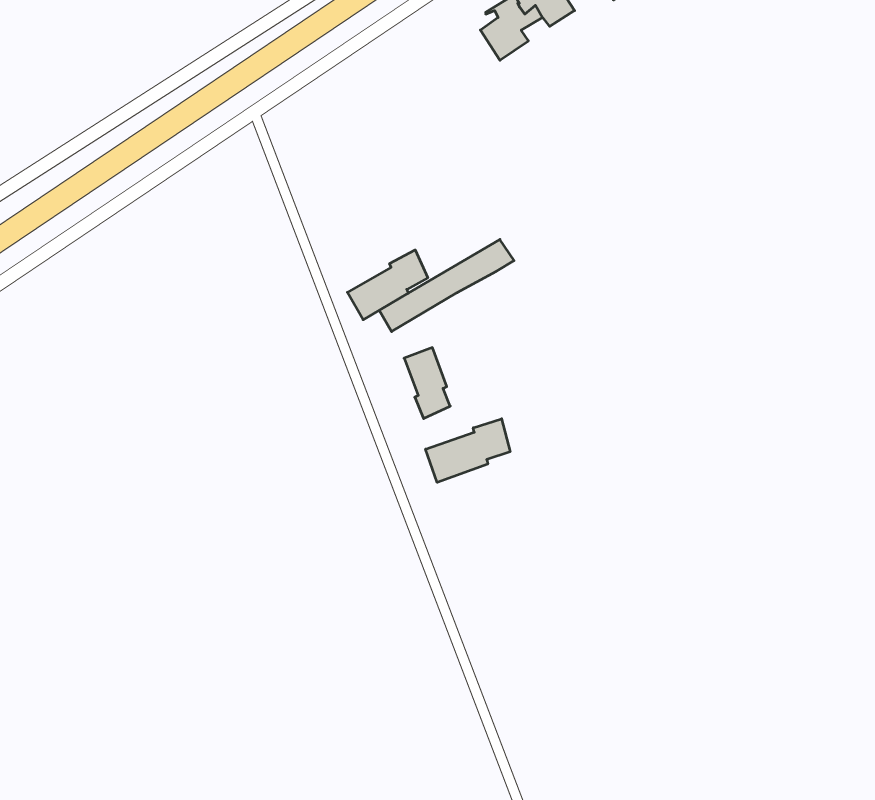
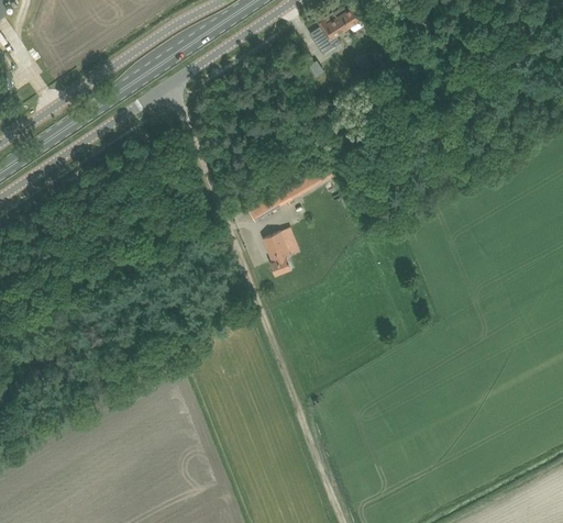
building: [347,250,428,320] -> none
building: [426,419,510,482] -> none

